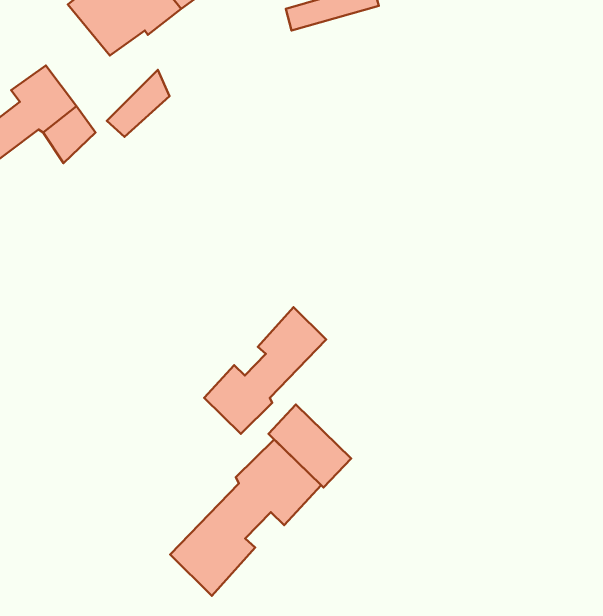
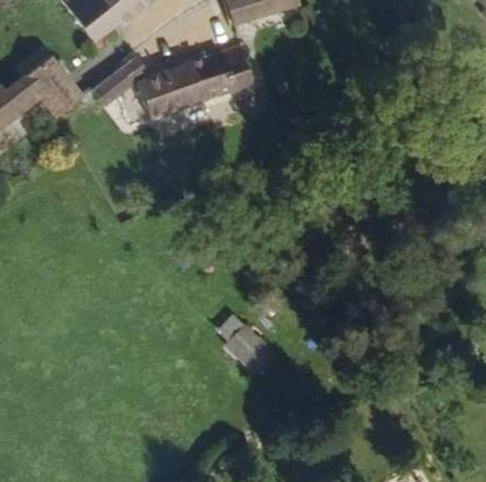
building: none -> [138,46,242,114]
building: [204,307,326,434] -> none
building: [170,439,321,596] -> none

